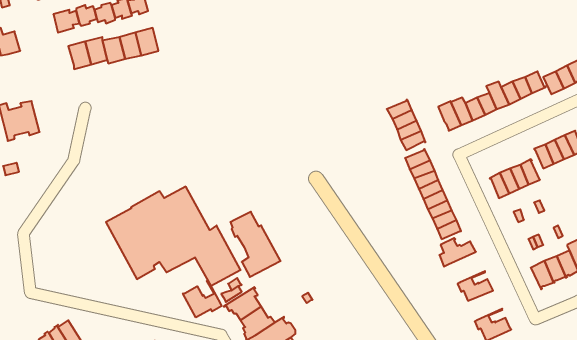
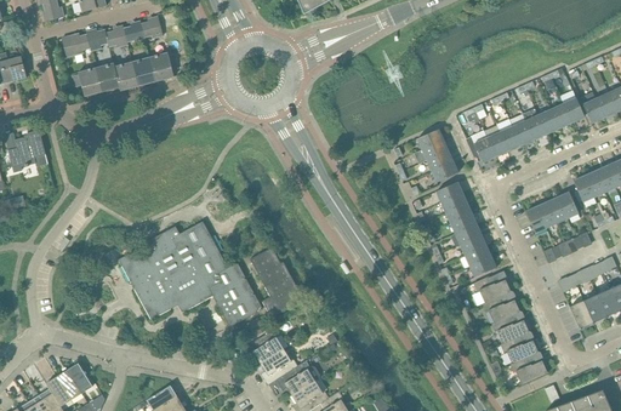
building: none -> [482,290,520,322]
building: [183,280,222,317] -> none
building: none -> [500,331,539,363]

